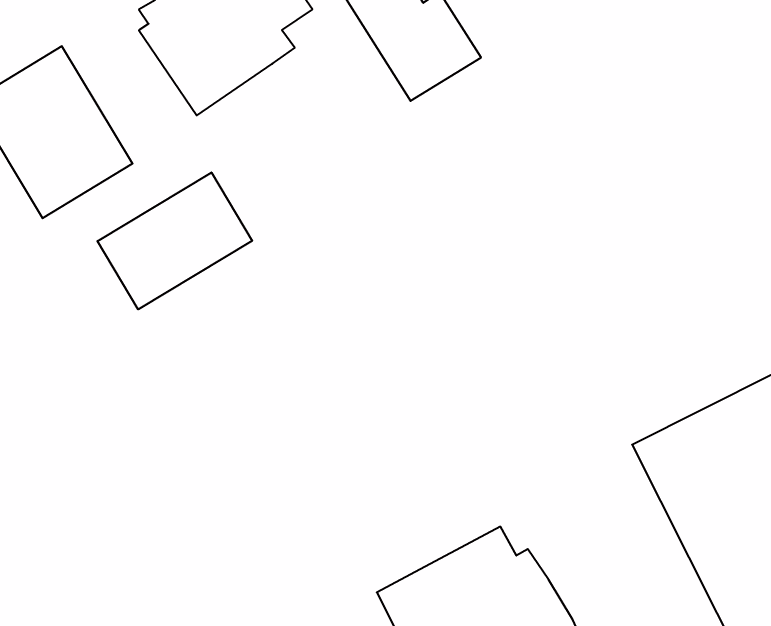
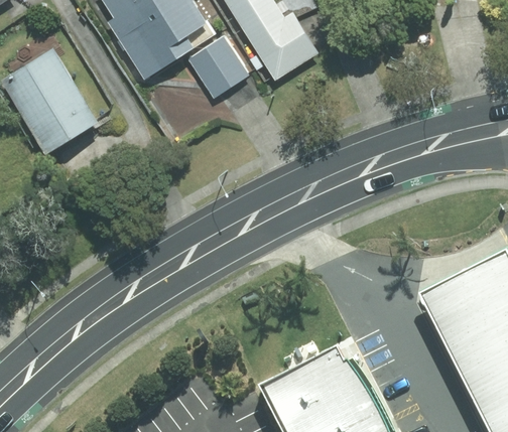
building: none -> [193,31,253,95]
building: [97,172,252,309] -> none

